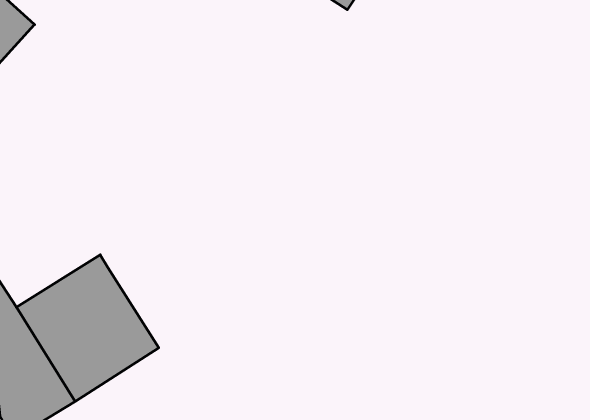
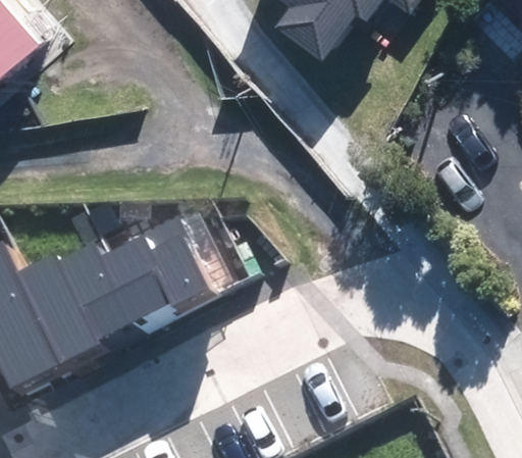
building: none -> [102,216,211,322]

